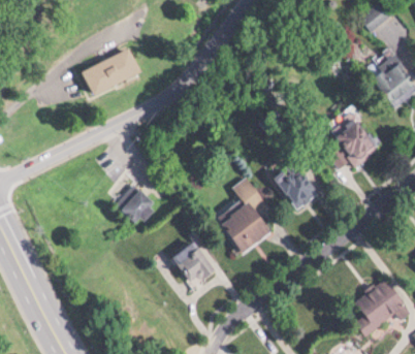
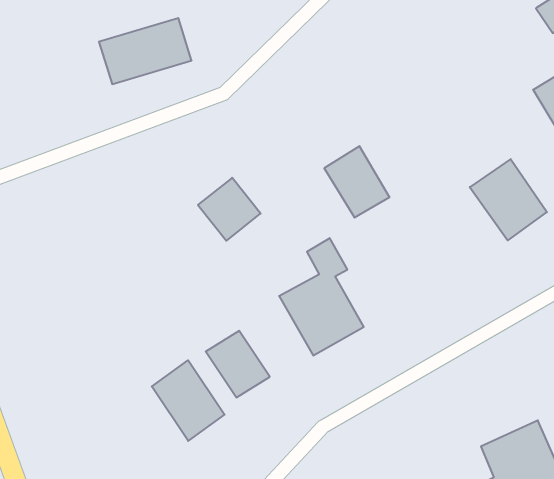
building: [275,164,318,210] -> [324,146,390,218]
building: [114,184,154,224] -> [198,178,261,241]
building: none -> [152,360,225,441]

